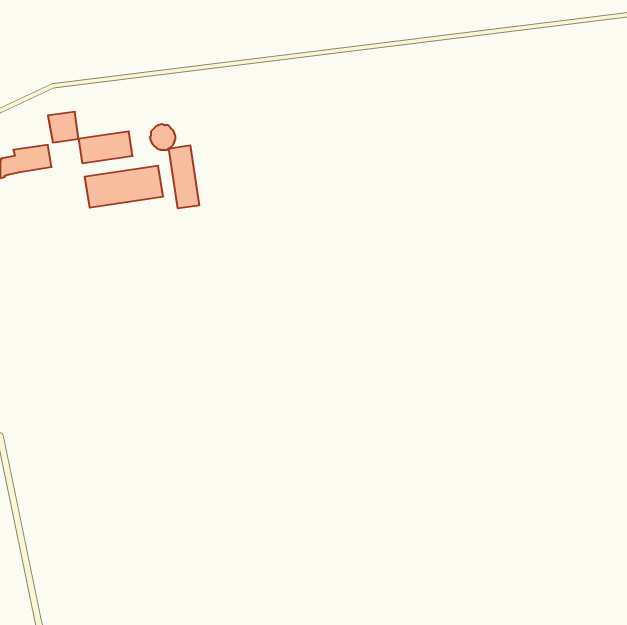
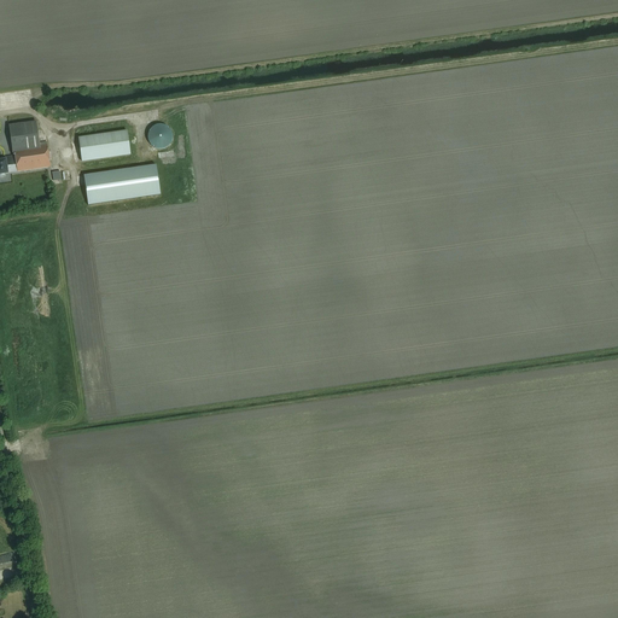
building: [48,112,79,142] -> [8,117,39,147]
building: [169,145,199,208] -> none

